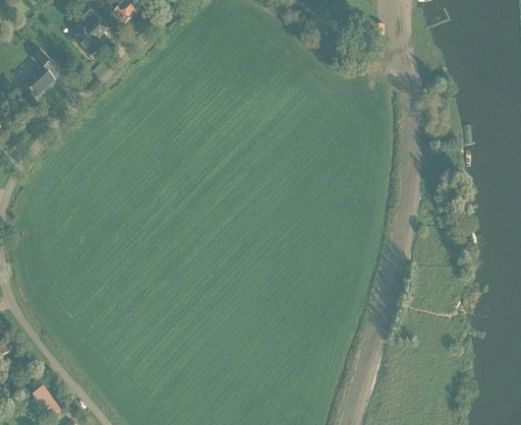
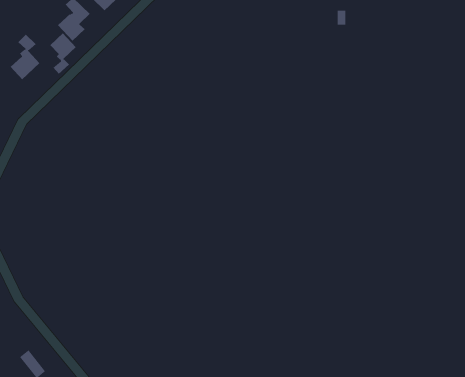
building: none -> [49,33,76,75]

